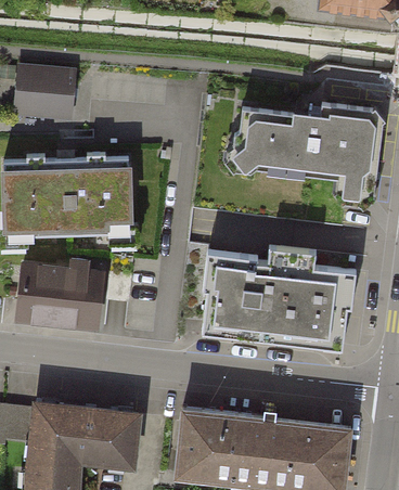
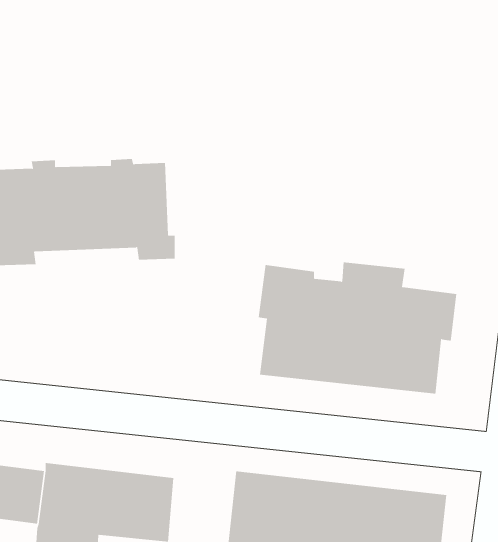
building: [16,69,74,119] -> none
building: [222,103,381,209] -> none
building: [17,259,104,328] -> none

